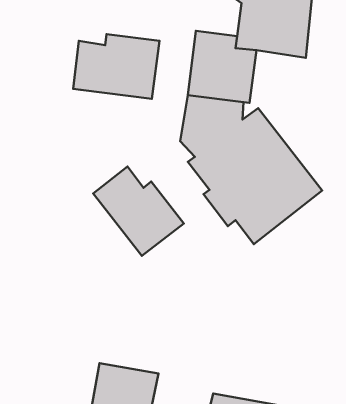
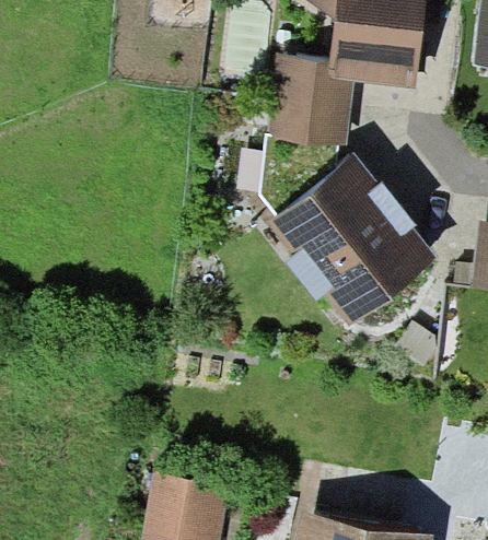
building: [73,34,159,99] -> none
building: [93,166,184,256] -> none

